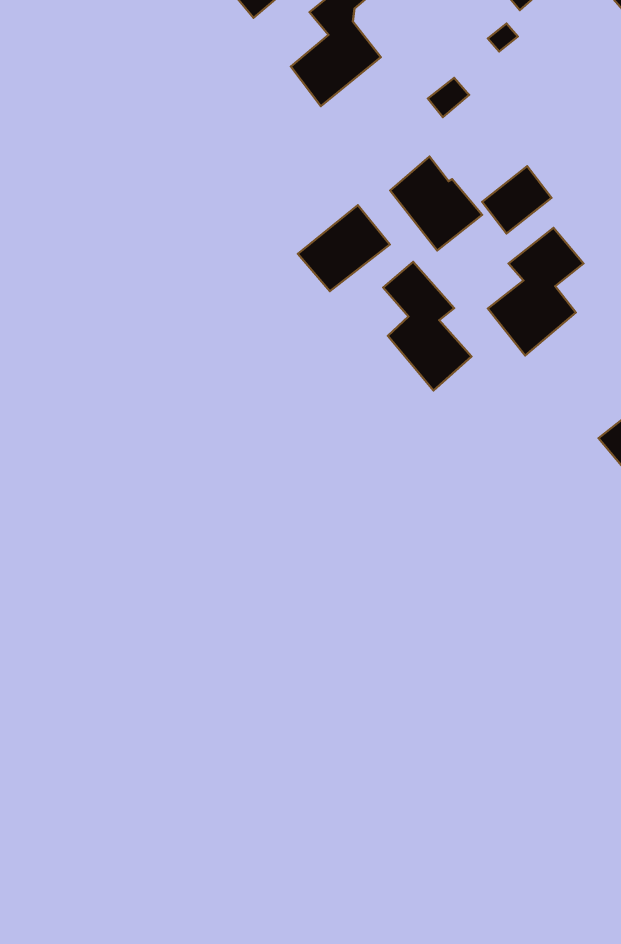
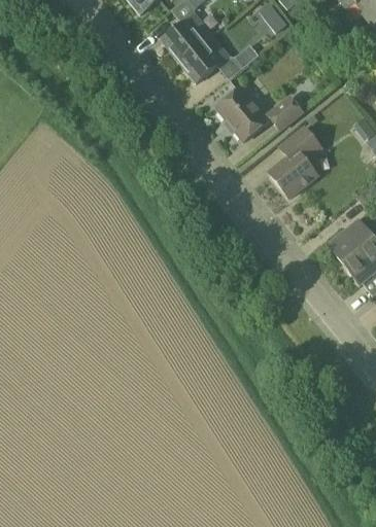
building: [298,205,390,291] -> [178,34,229,81]
building: [383,262,471,391] -> none

